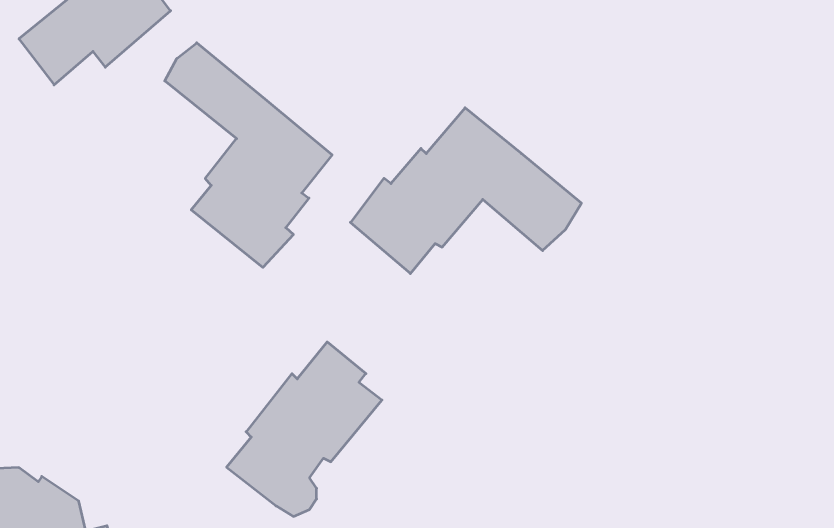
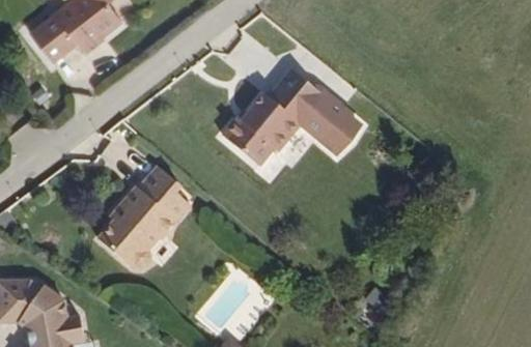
building: [165,43,332,267] -> none
building: [227,342,382,516] -> [93,172,185,274]

